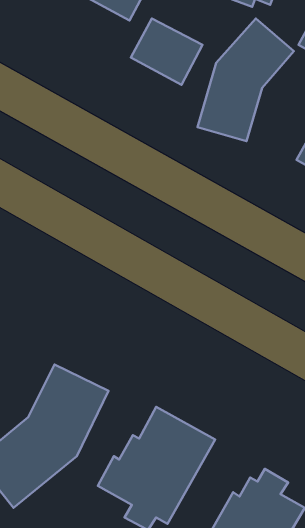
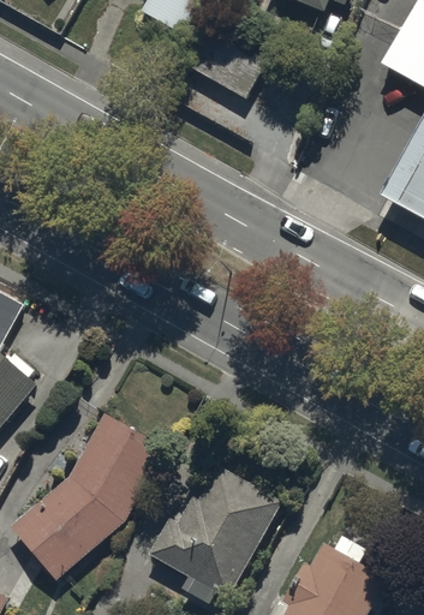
building: [198,19,294,141] -> none

